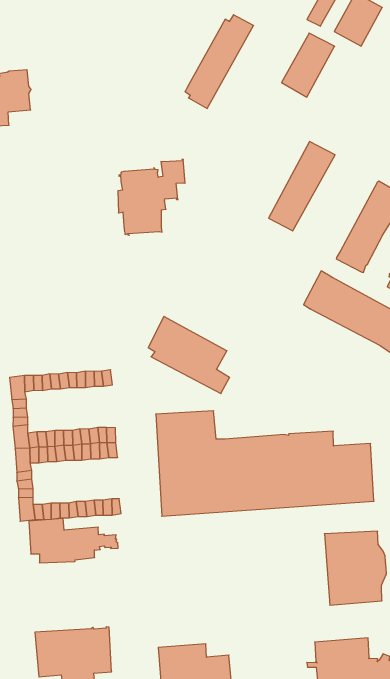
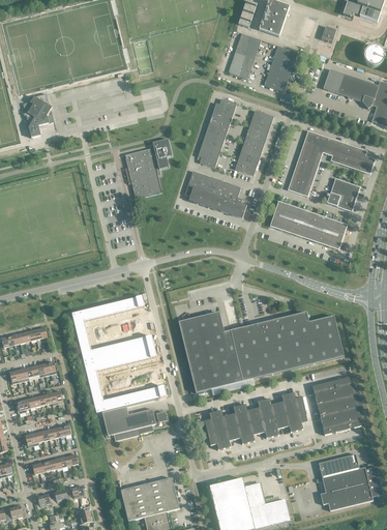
building: [185,15,254,108] -> [196,98,236,168]
building: none -> [263,46,296,91]
building: [148,316,230,394] -> [184,170,245,217]
building: none -> [204,391,306,449]

